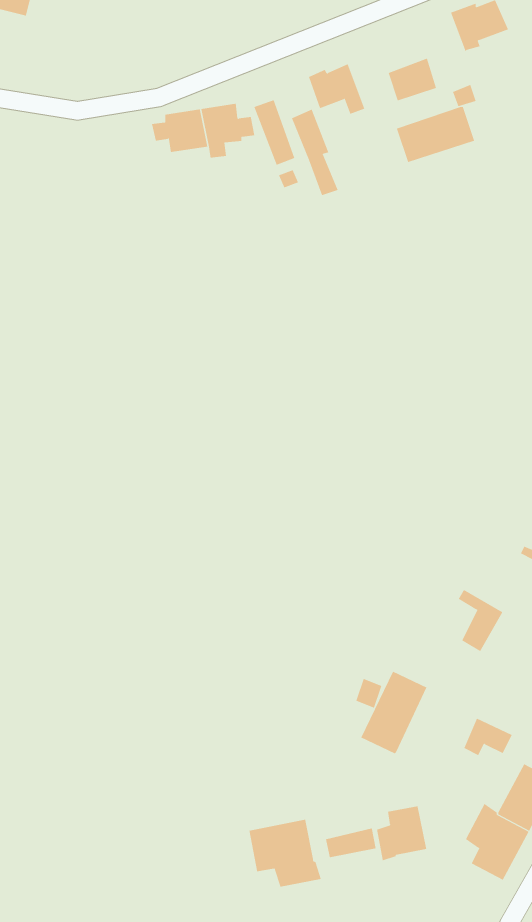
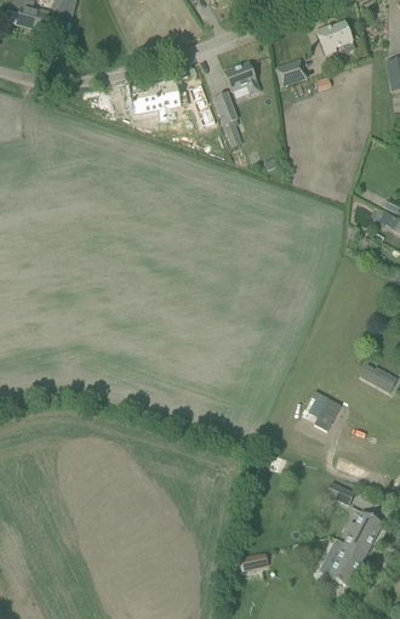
building: [396,106,475,163] -> none
building: [360,671,427,754] -> none
building: [376,805,427,861] -> none
building: [249,819,321,887] -> none

